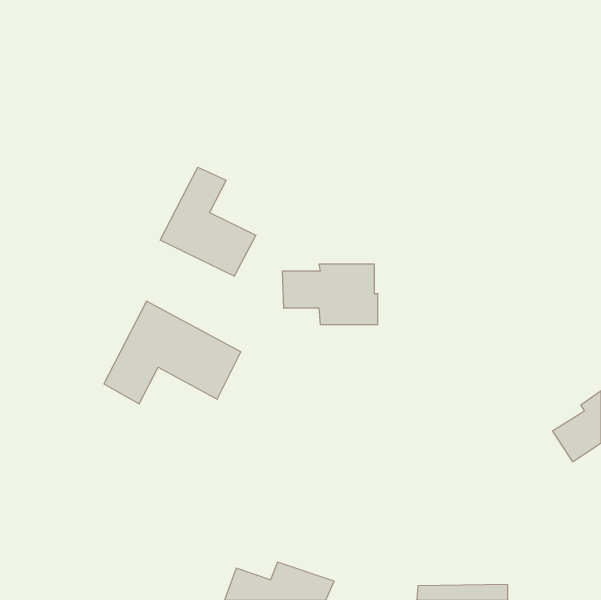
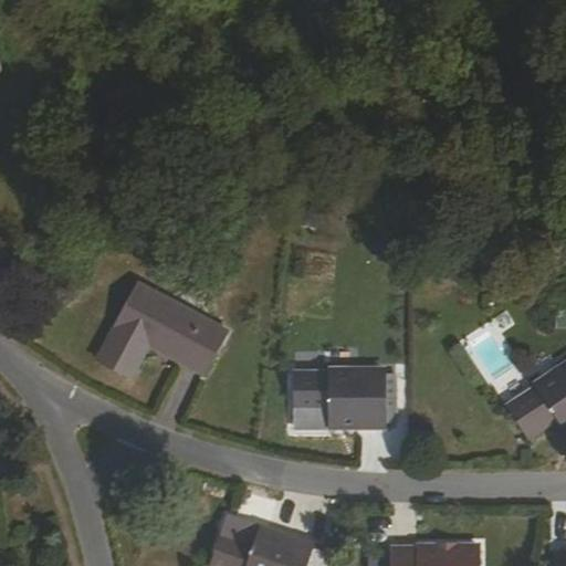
building: [160,167,256,276] -> none
building: [282,264,378,324] -> [294,369,384,426]

